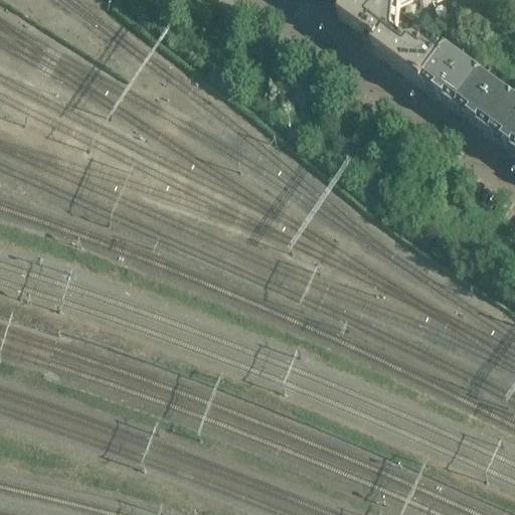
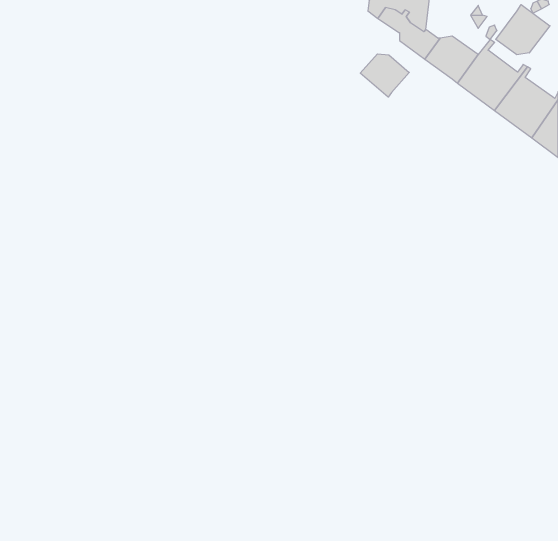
building: none -> [496,5,550,55]
building: none -> [360,54,409,97]

